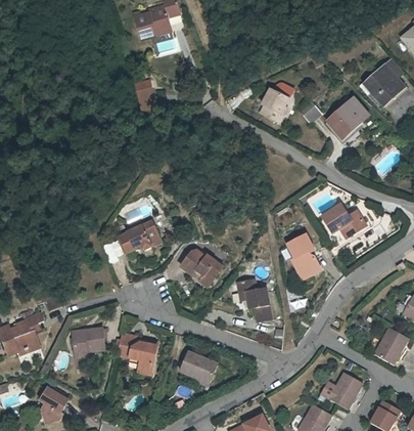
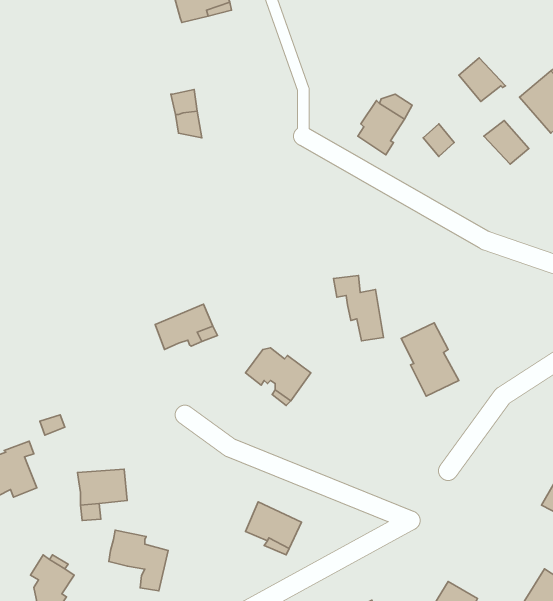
building: [324,111,355,139] -> [459,58,506,102]
building: [318,204,366,240] -> none
building: [238,279,271,322] -> [334,275,383,341]
building: [118,334,156,374] -> [109,530,168,591]
building: [330,373,364,410] -> none

